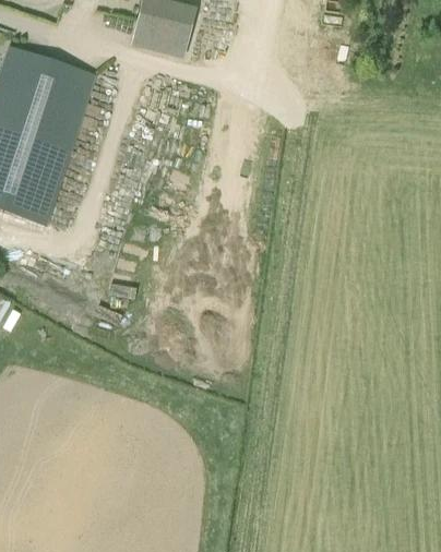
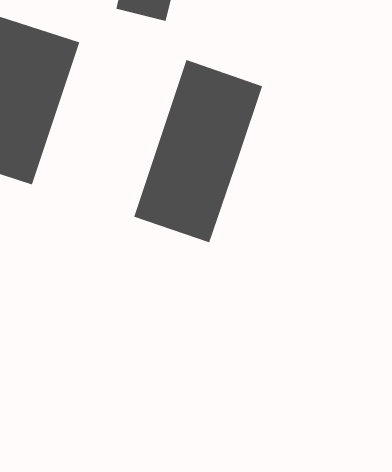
building: none -> [133,59,263,243]

